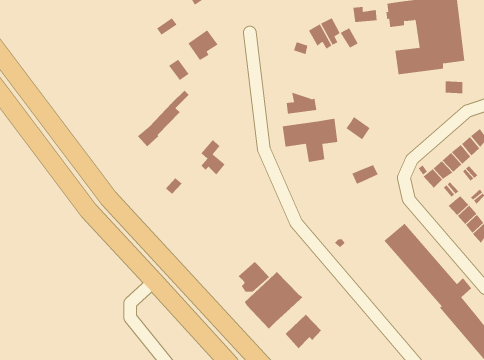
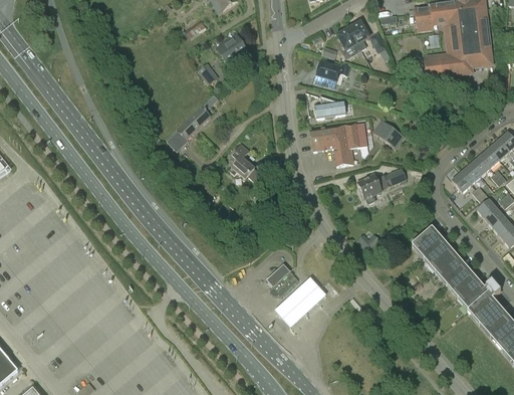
building: none -> [314,59,349,83]
building: none -> [357,173,381,203]
building: [285,314,322,349] -> none

